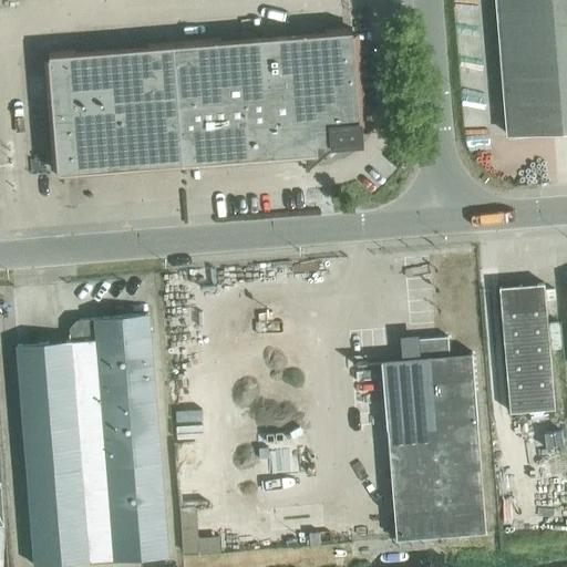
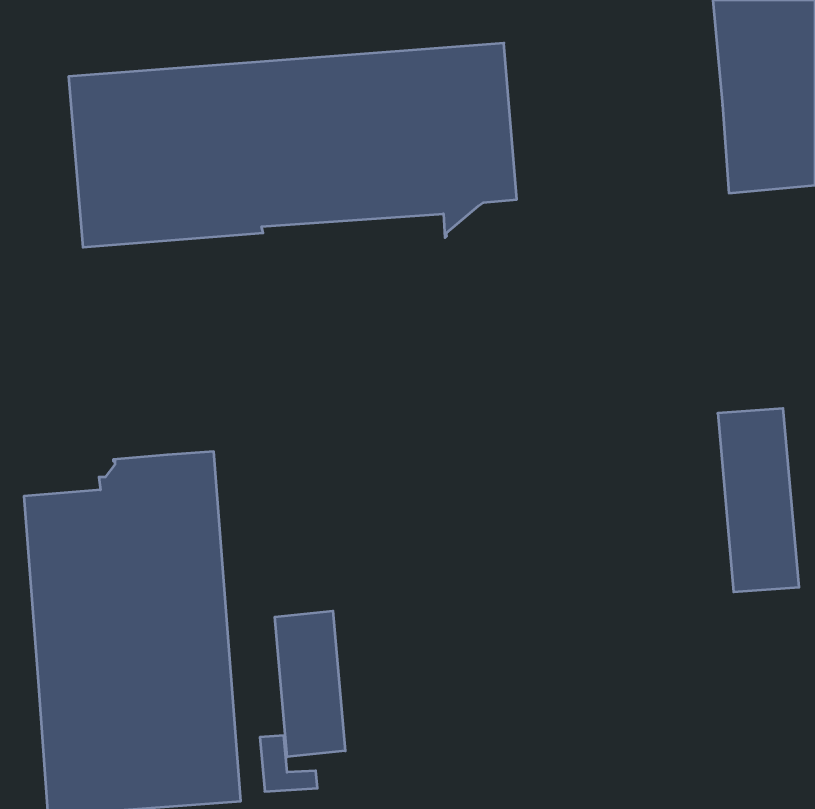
building: [381,341,485,543] -> none
building: none -> [275,611,345,757]

